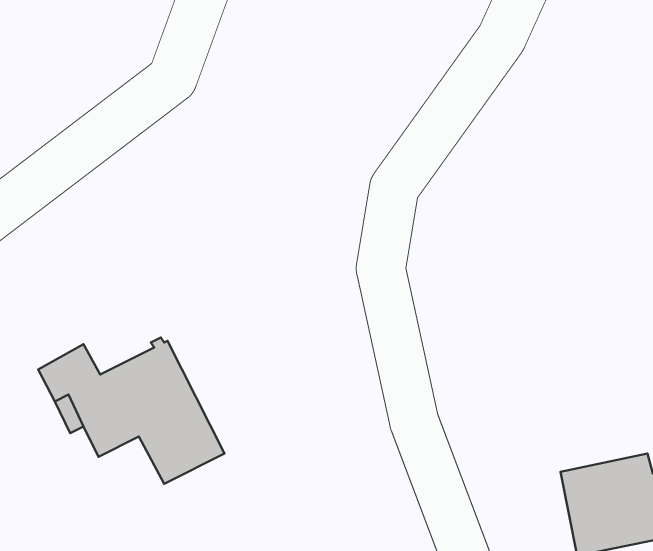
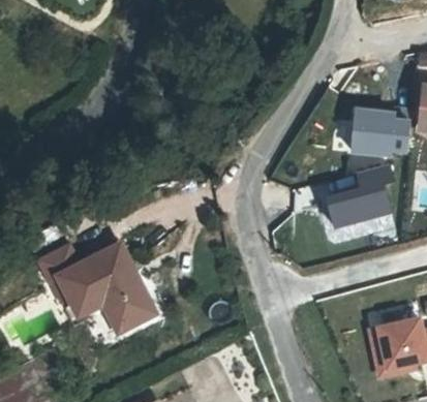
building: none -> [350,111,411,153]
building: none -> [327,161,393,225]

